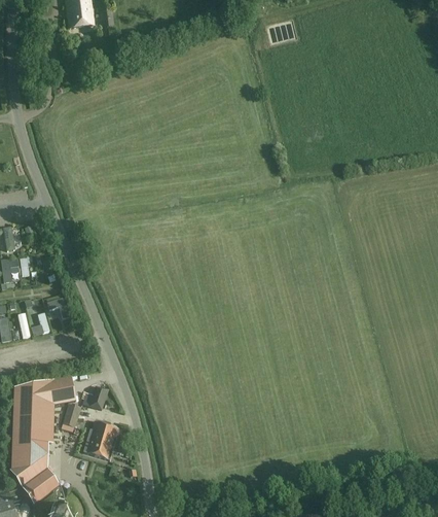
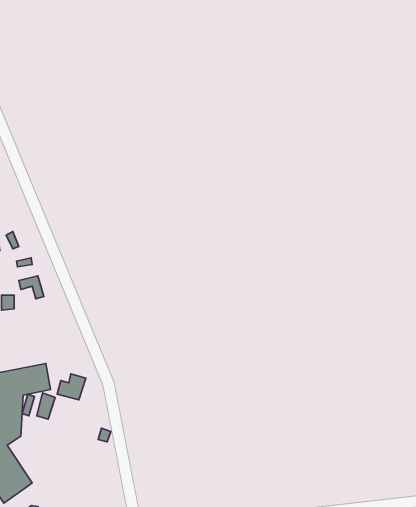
building: [84,421,120,460] -> none

